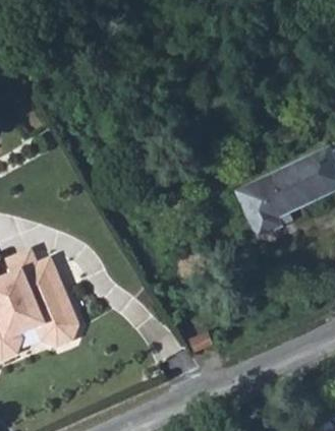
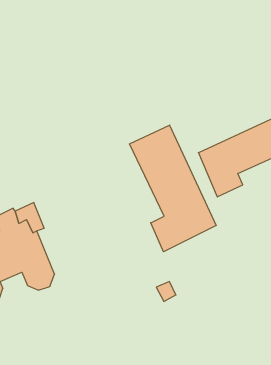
building: none -> [130,125,216,252]

